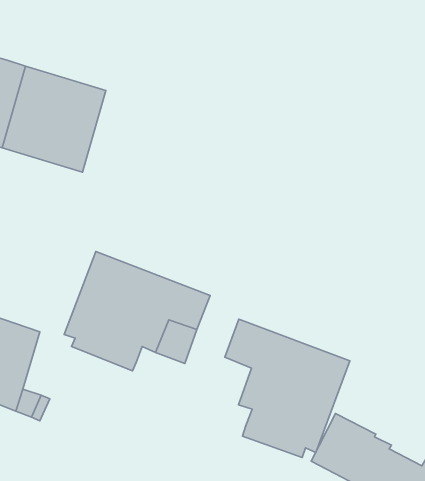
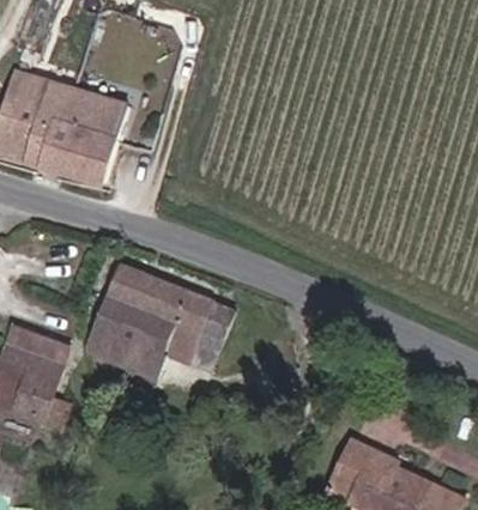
building: [225,319,350,458] -> none

